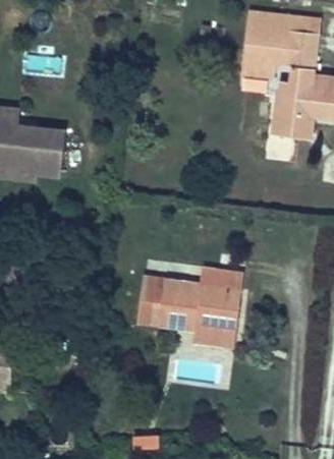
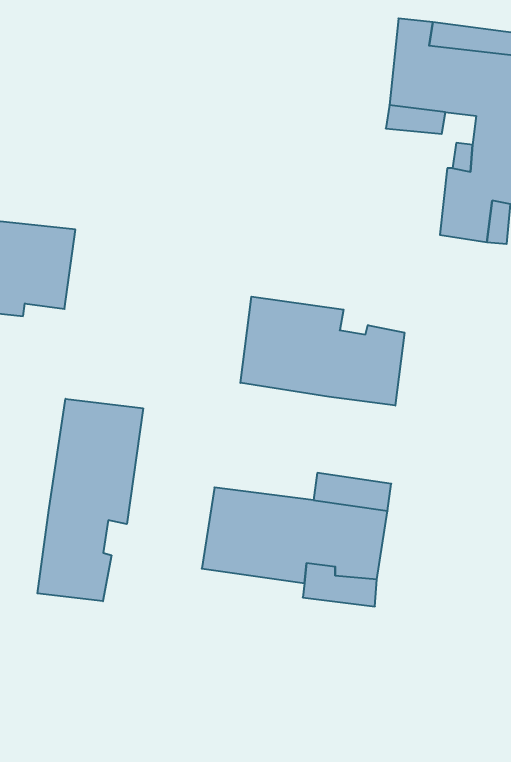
building: none -> [240,297,404,406]
building: none -> [37,399,143,601]

